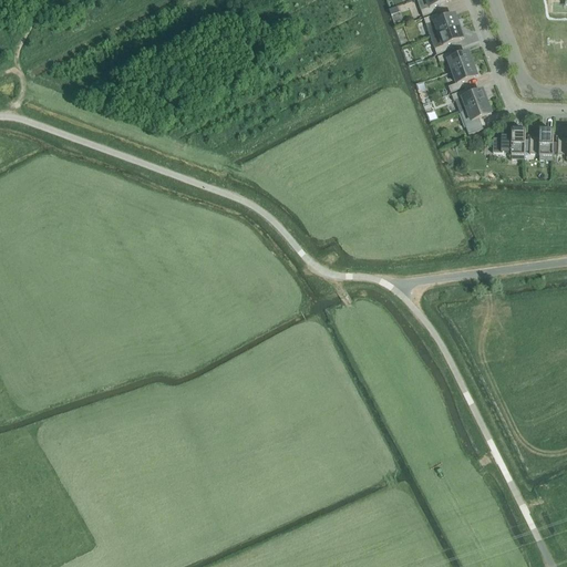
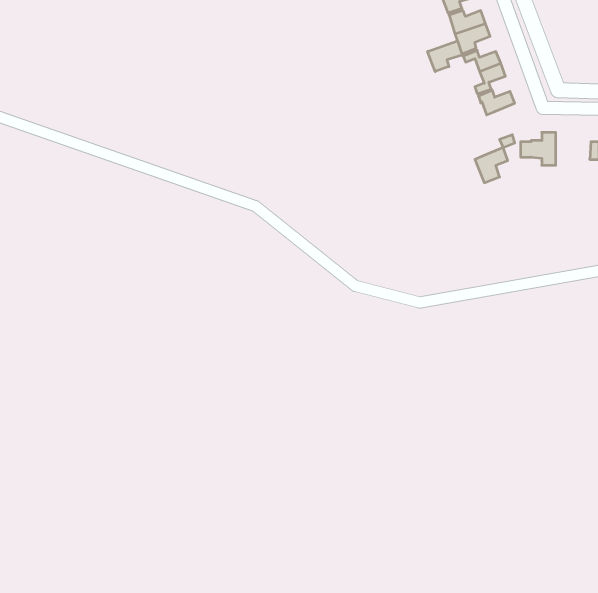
building: none -> [428,41,462,72]
building: [461,97,492,131] -> [475,148,508,183]
building: [530,126,555,157] -> none

